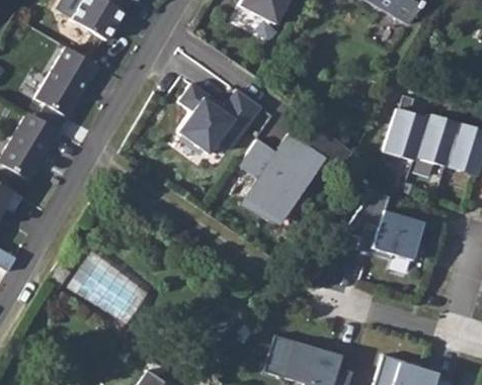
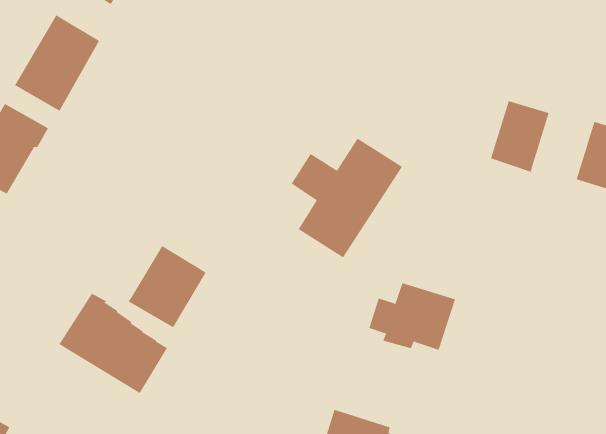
building: [176,87,259,157] -> none
building: [416,113,461,166] -> none
building: [367,209,430,259] -> [369,283,456,350]
building: none -> [128,245,207,328]

